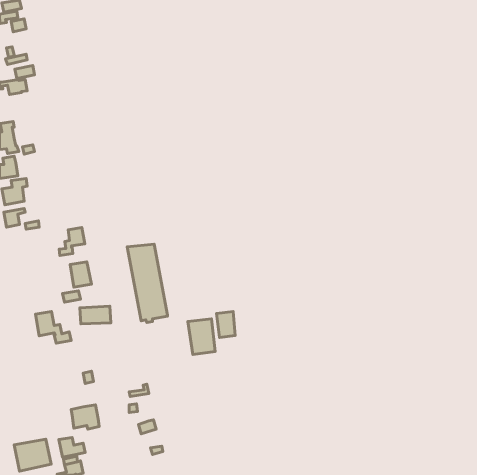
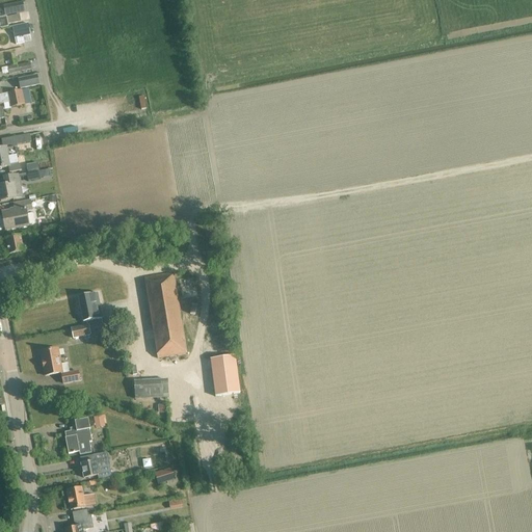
building: [59,228,85,256] -> none
building: [80,306,111,324] -> [133,377,167,397]
building: [216,311,235,338] -> none
building: none -> [62,417,90,453]
building: [14,439,51,471] -> none

